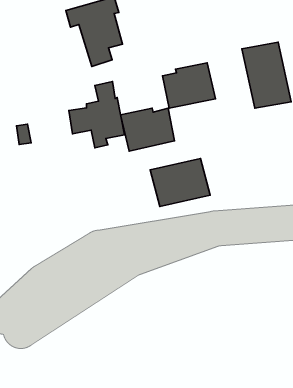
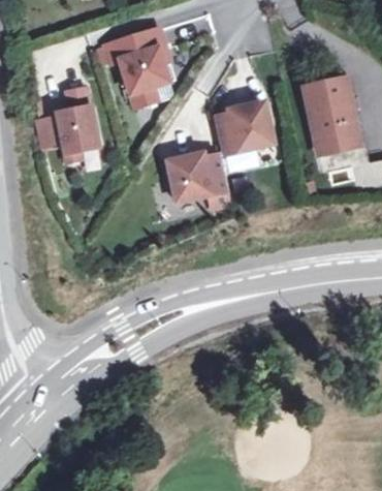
building: [69,82,125,148] -> [38,87,100,160]
building: [150,158,210,206] -> none

